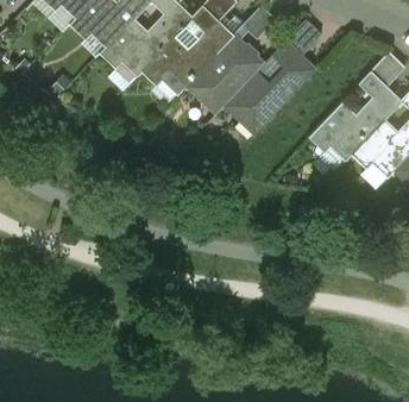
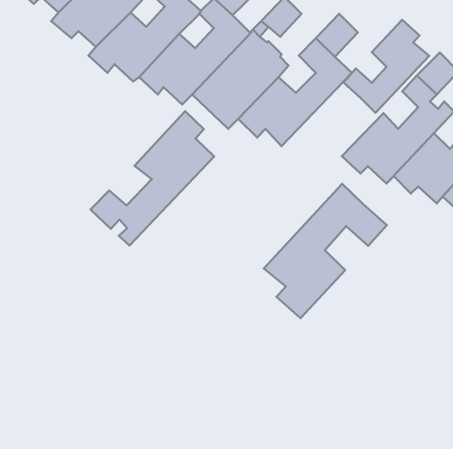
building: none -> [343,20,429,113]
building: none -> [91,111,214,245]
building: none -> [264,184,387,318]

